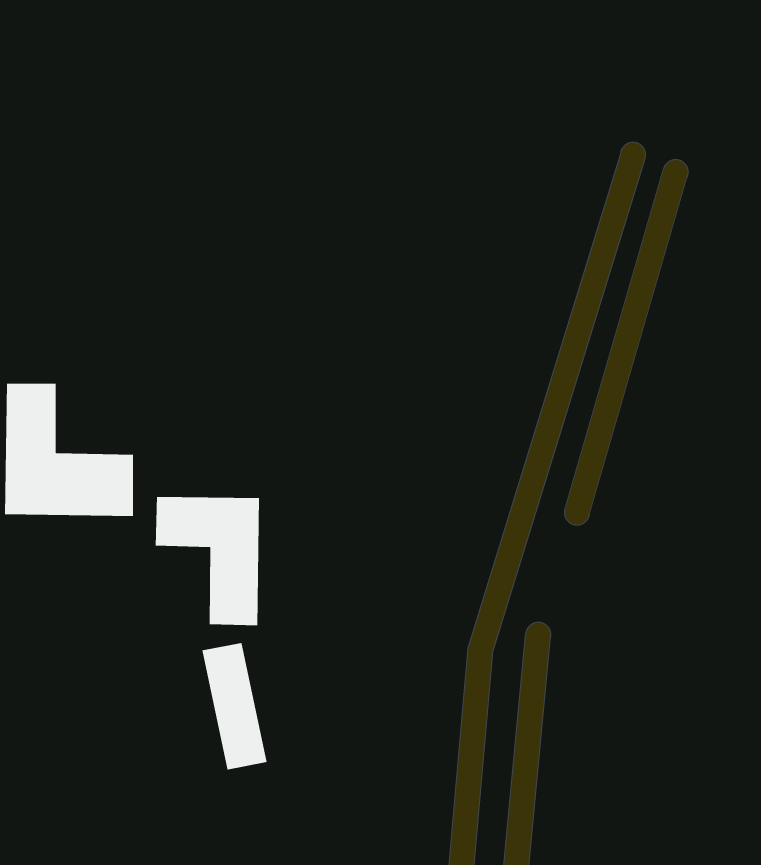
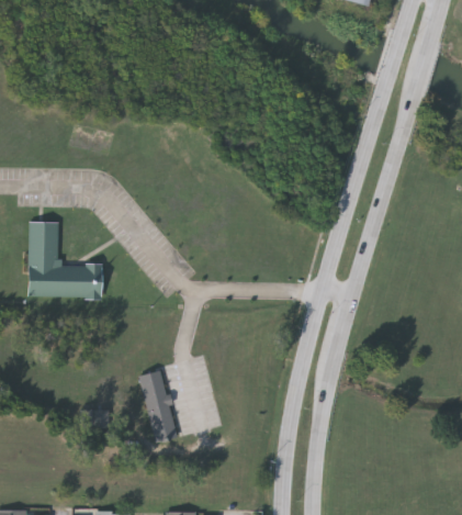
building: [155,496,260,626] -> none

